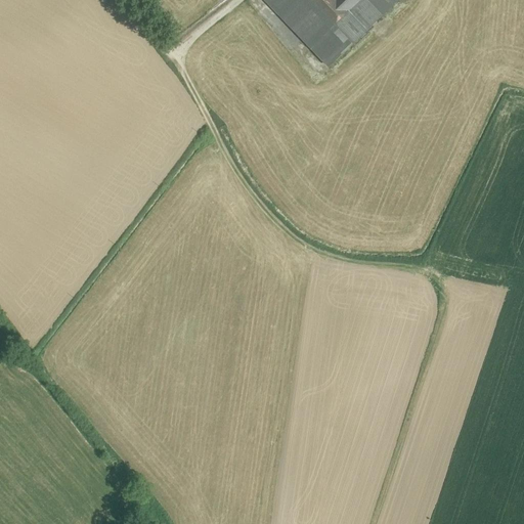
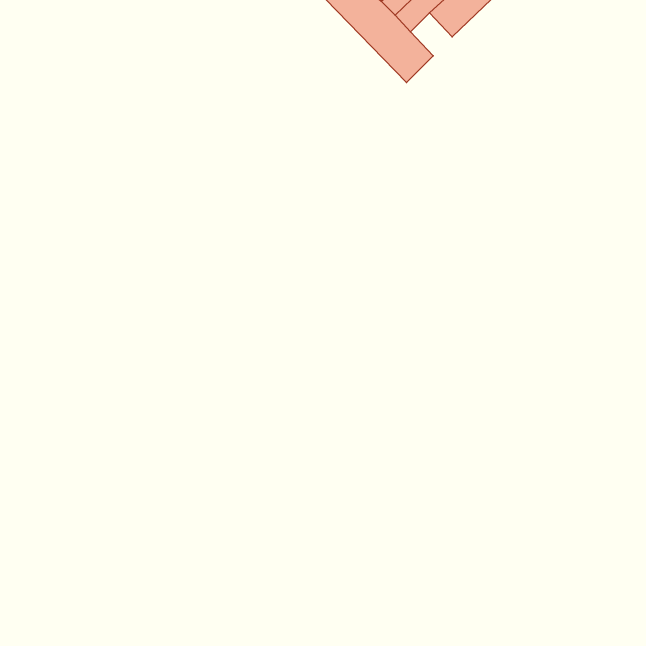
building: [332,10,365,45] -> none

